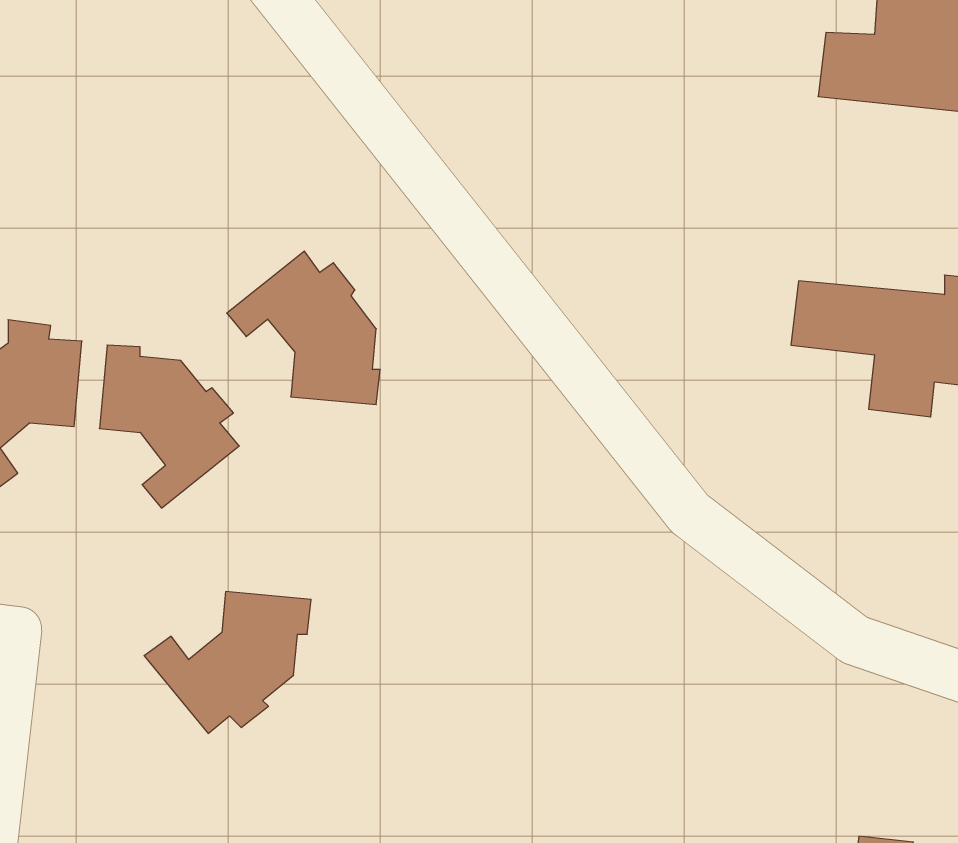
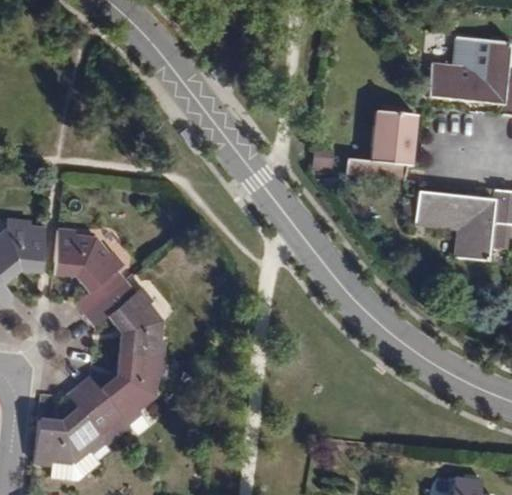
building: none -> [342,110,415,179]
building: [227,251,380,405] -> [88,277,167,356]
building: none -> [34,385,112,472]

